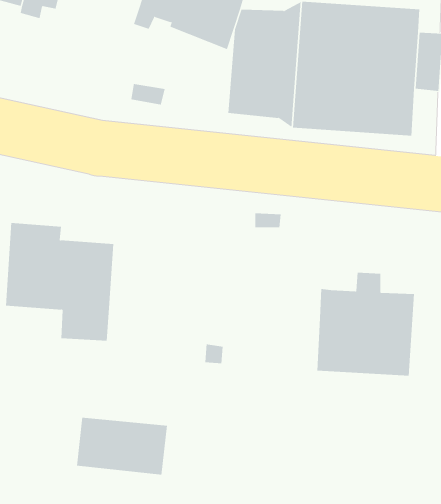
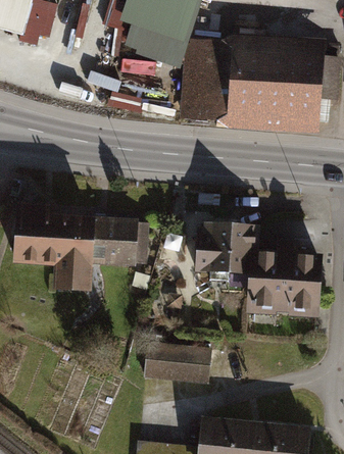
building: none -> [92,216,151,264]
building: none -> [196,220,261,272]
building: [76,417,168,475] -> [144,340,213,384]

